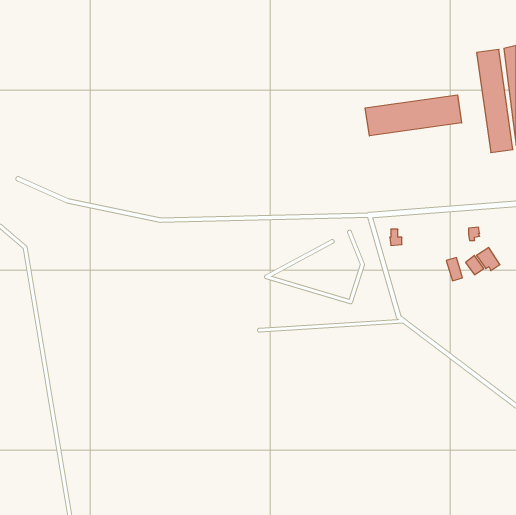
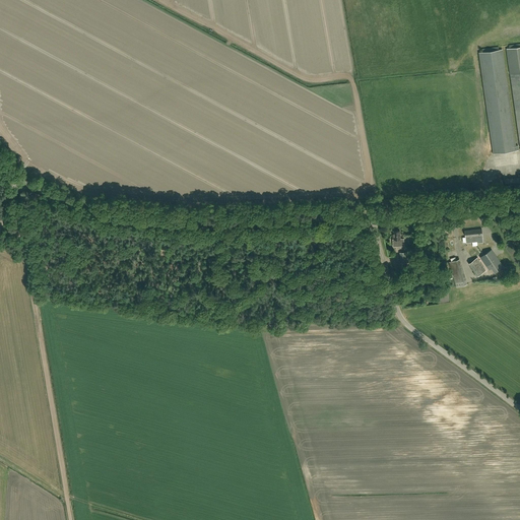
building: [365,95,462,136] -> none

